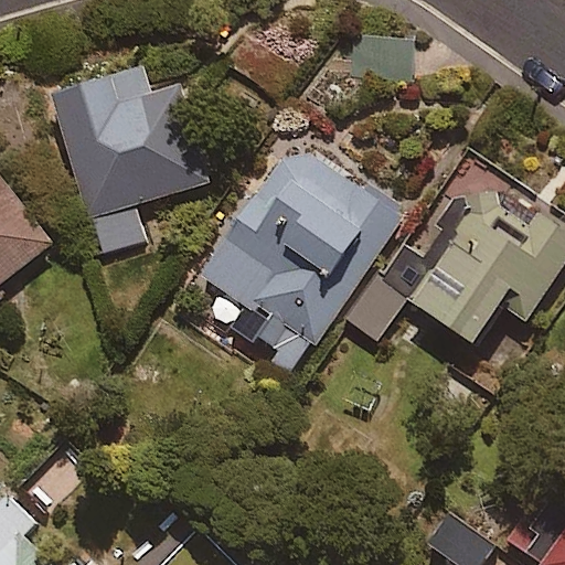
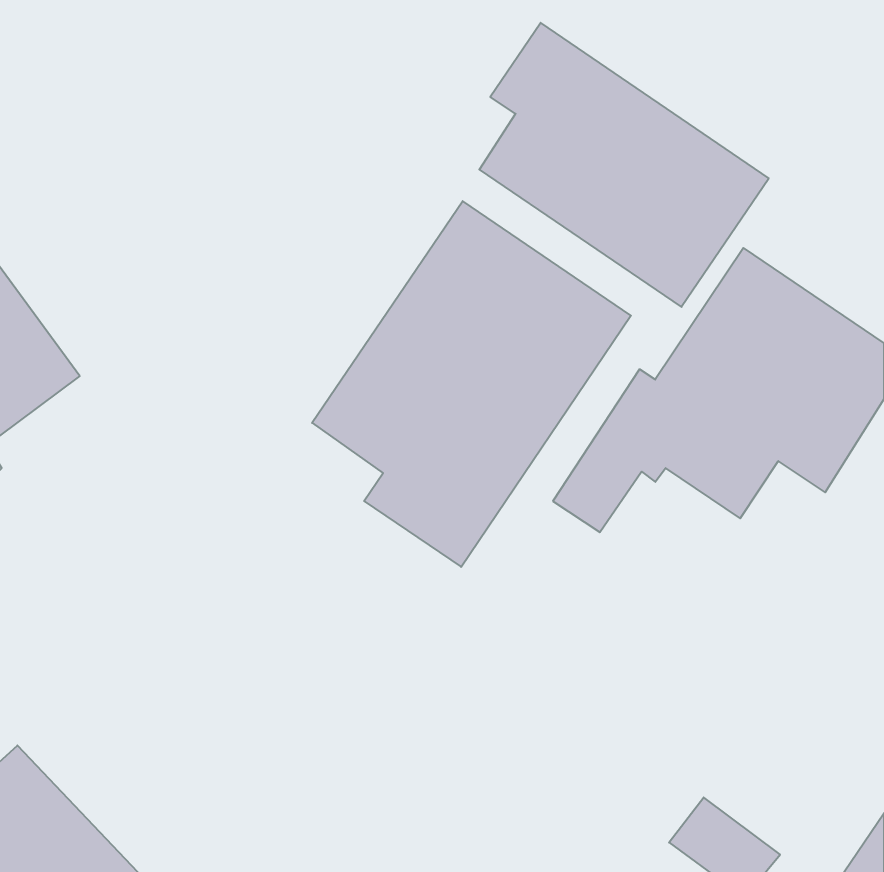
building: none -> [479,23,769,307]
building: [47,58,209,264] -> none

